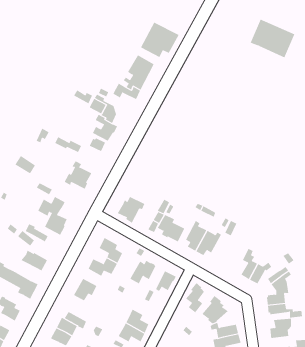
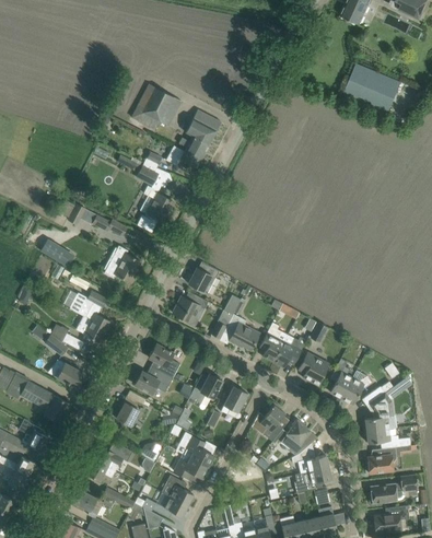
building: [140,22,179,58] -> [130,84,180,130]
building: none -> [188,266,219,293]
building: none -> [297,352,328,386]

